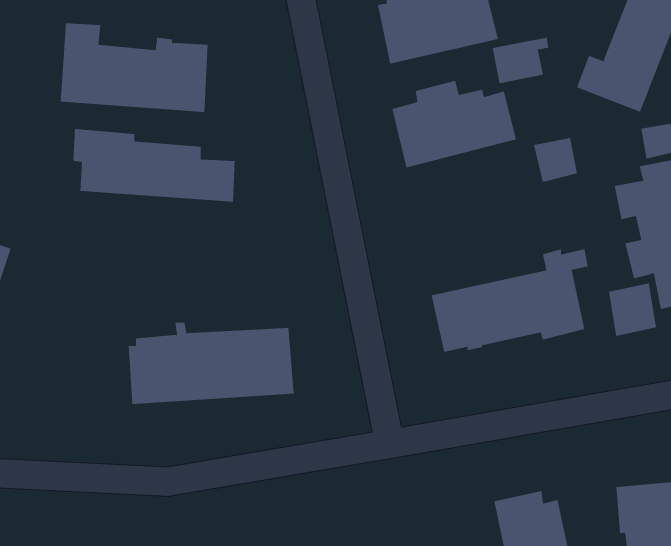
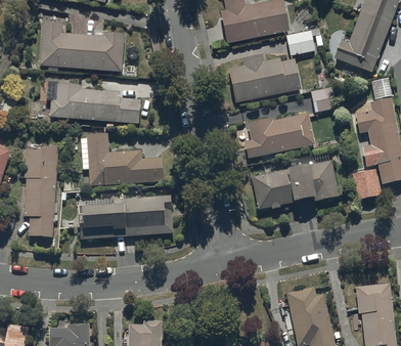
building: none -> [243,112,314,162]
building: none -> [80,132,163,184]
building: none -> [25,146,58,236]

